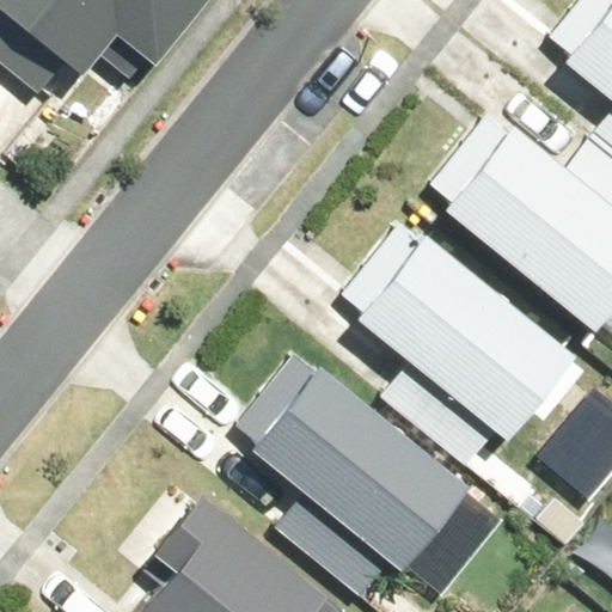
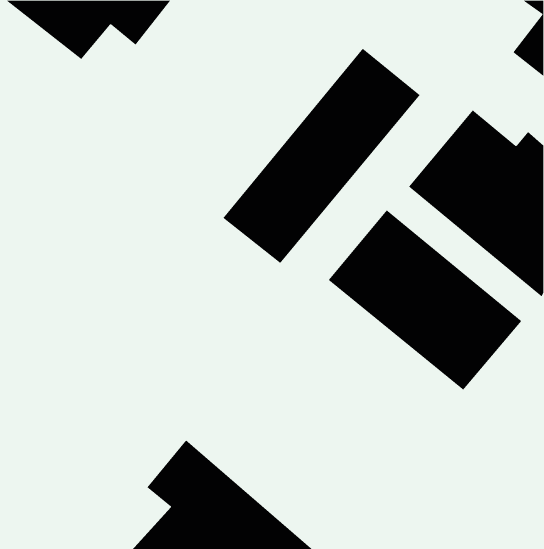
building: none -> [222,48,421,264]
building: [232,349,470,569] -> none

